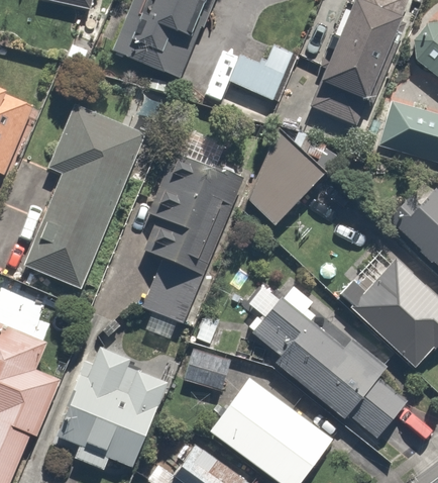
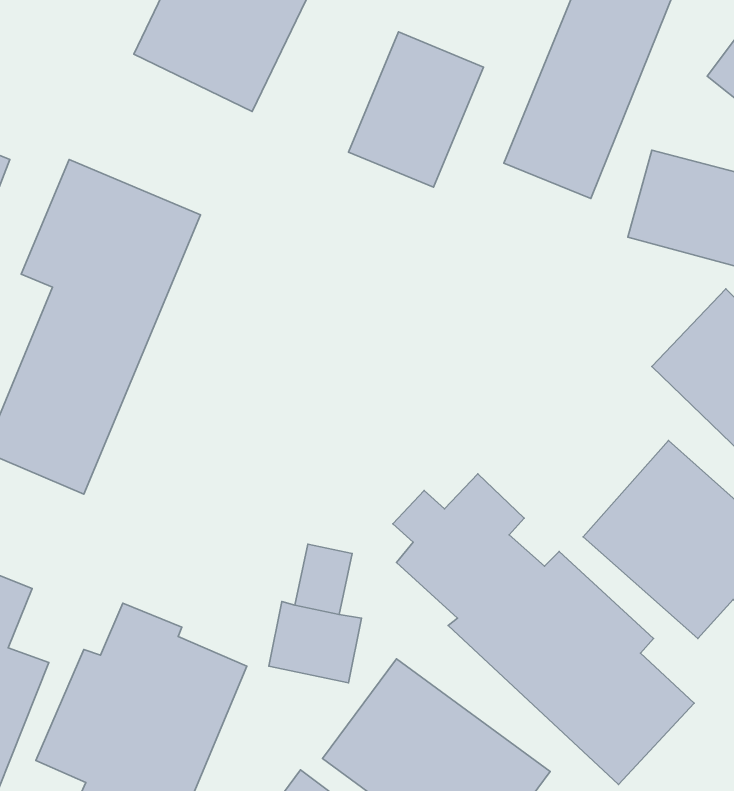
building: [249,129,322,223] -> none
building: [142,155,241,325] -> none

